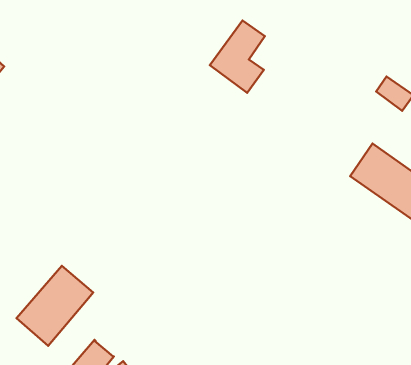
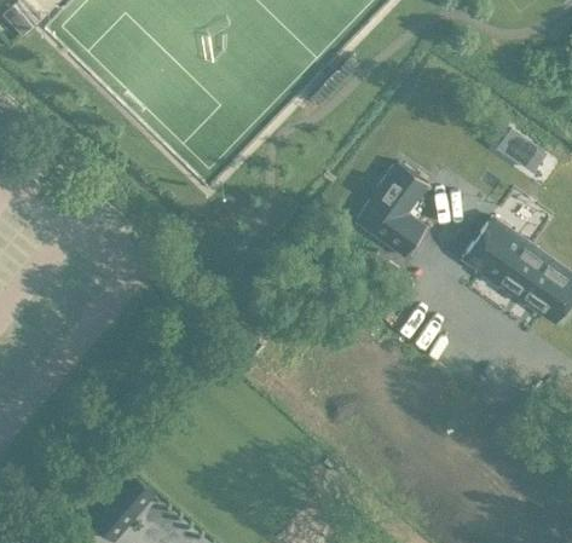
building: [210,20,265,93] -> [357,162,428,256]
building: [17,266,93,346] -> none

